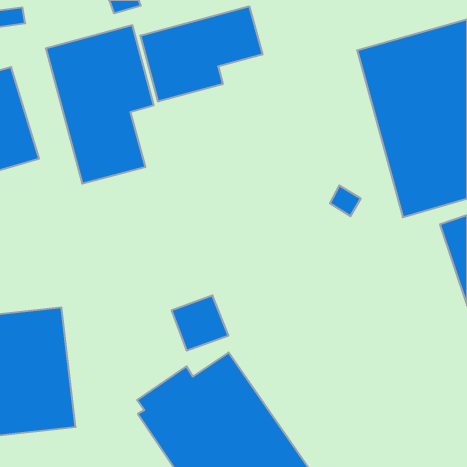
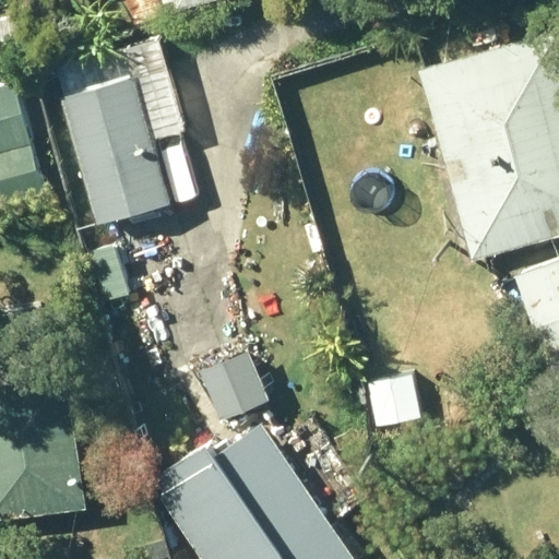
building: [140,6,262,102] -> none

